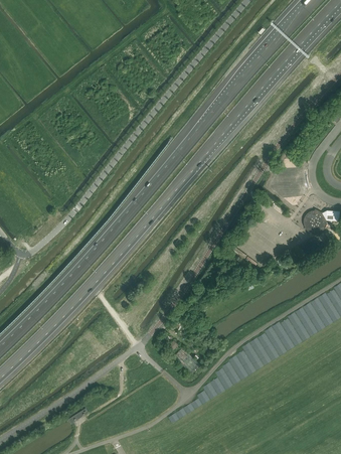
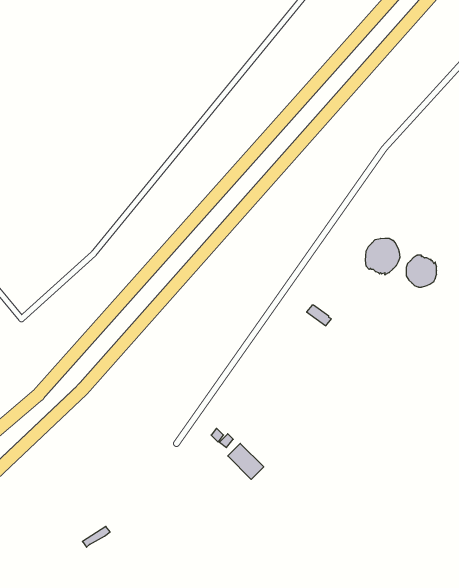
building: none -> [365,238,400,275]

